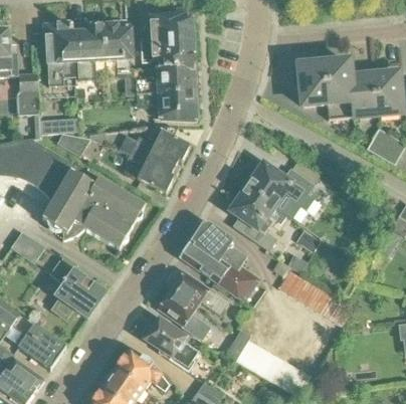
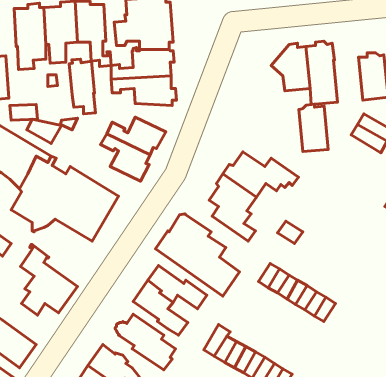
building: [349,70,377,116] -> [299,104,328,152]
building: none -> [69,59,96,114]

